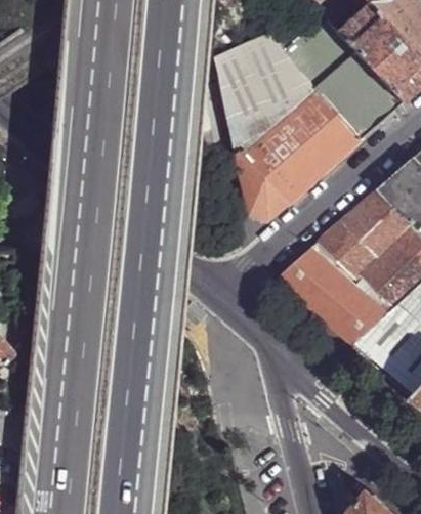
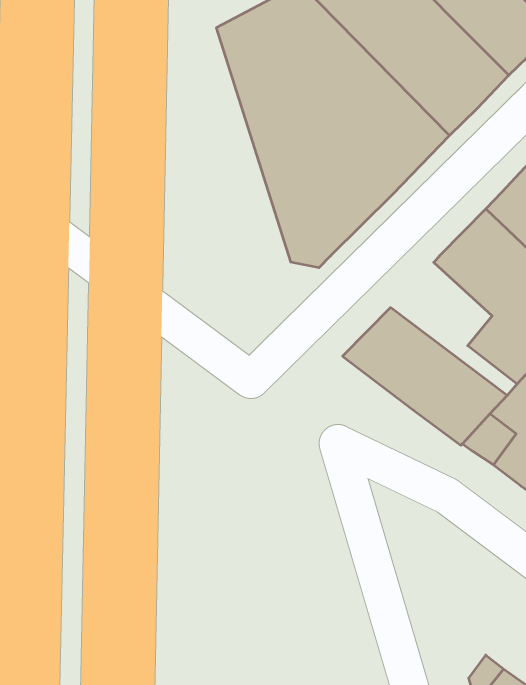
building: [319,222,379,283] -> none

